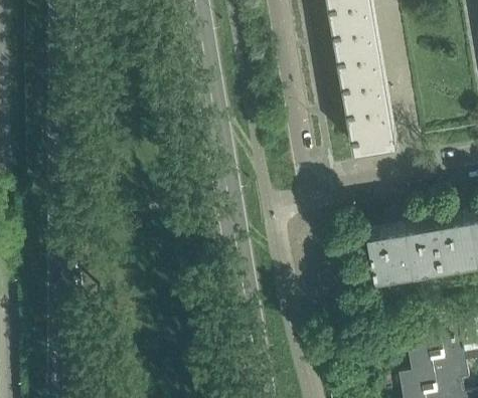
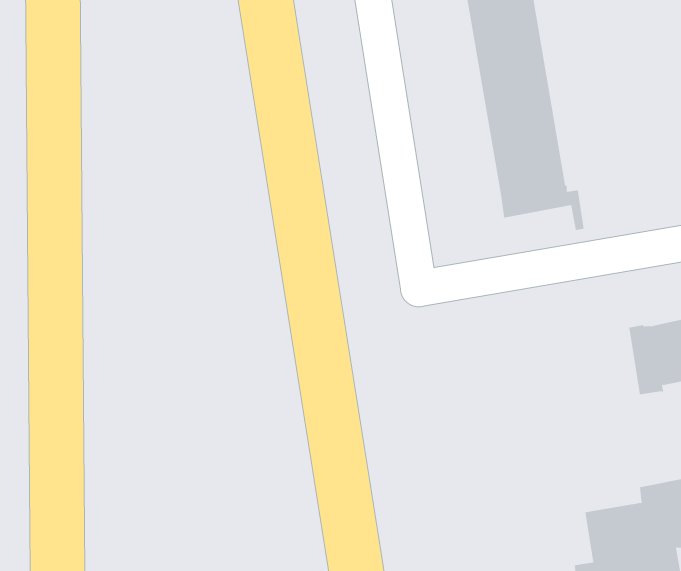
building: [368,230,442,286] -> none

